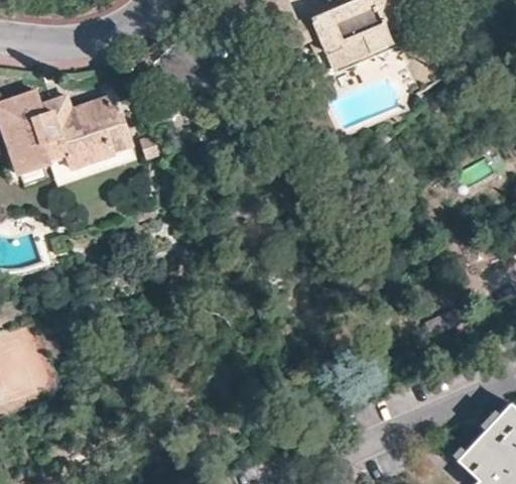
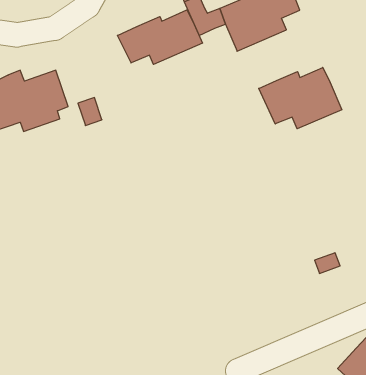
building: none -> [117,10,202,64]
building: none -> [259,67,342,129]

